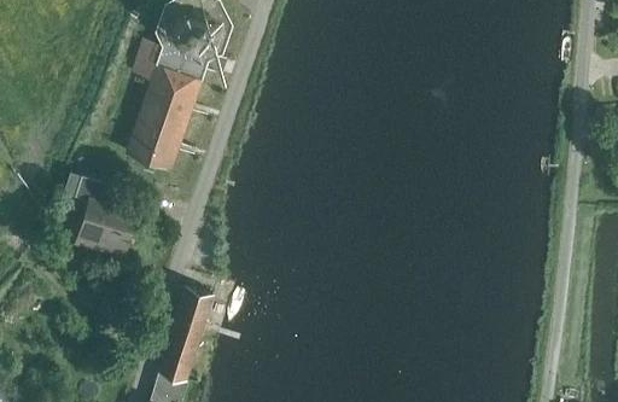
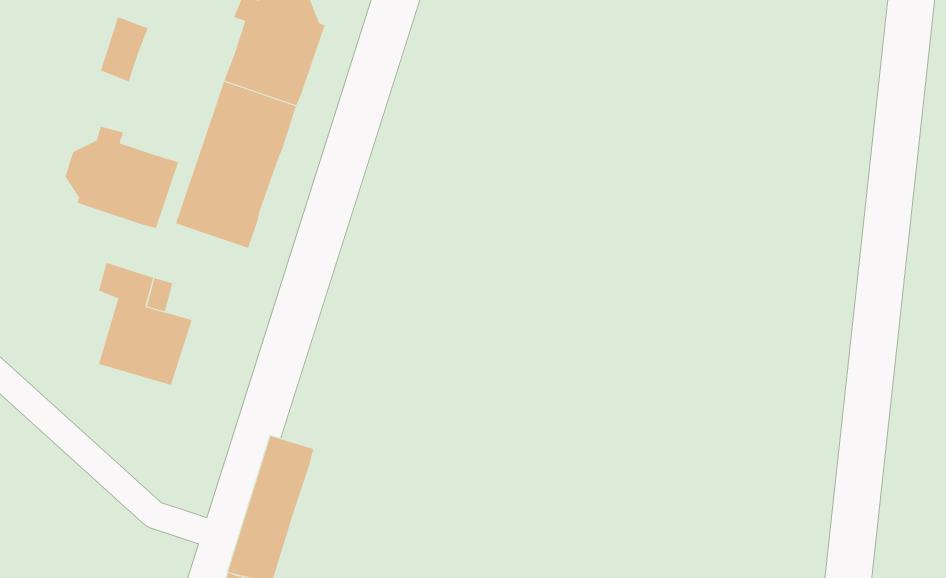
building: [132,42,162,83] -> [100,17,149,82]
building: none -> [65,126,179,229]

